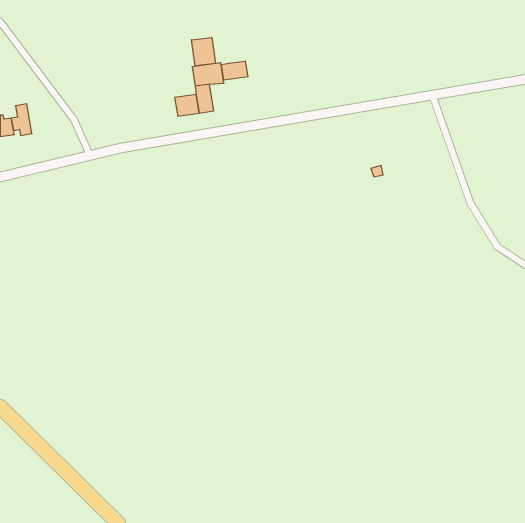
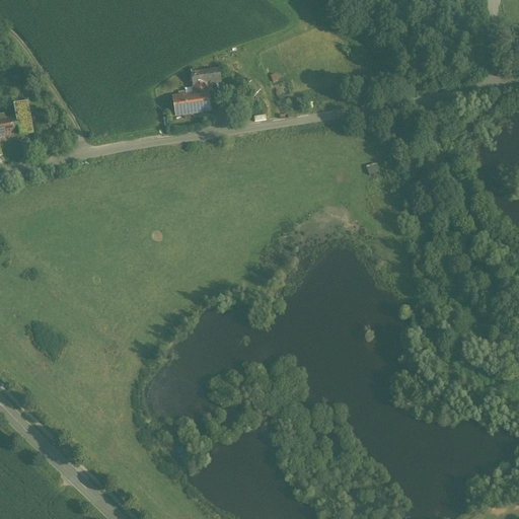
building: [192,37,215,66] -> none
building: [221,61,248,80] -> none

